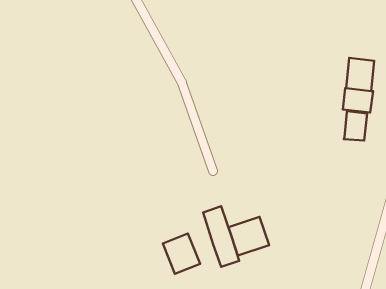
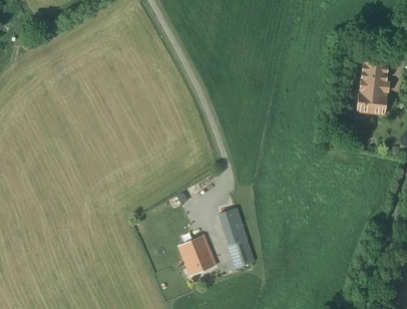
building: [344,111,367,141] -> none
building: [228,217,269,256] -> none

